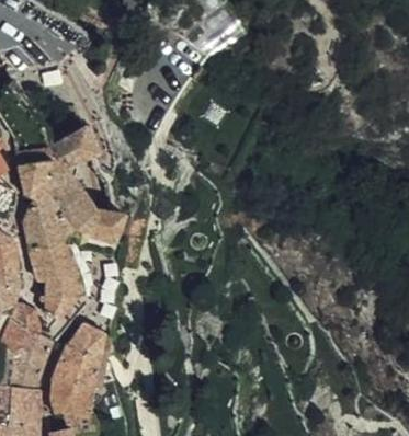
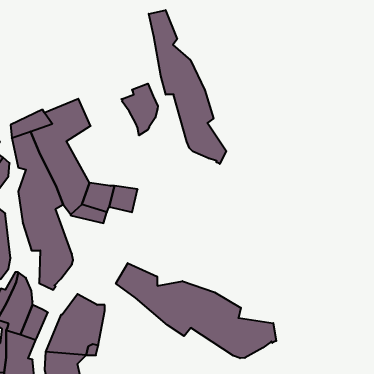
building: none -> [149,10,226,164]
building: none -> [121,84,158,135]
building: none -> [116,263,276,358]

